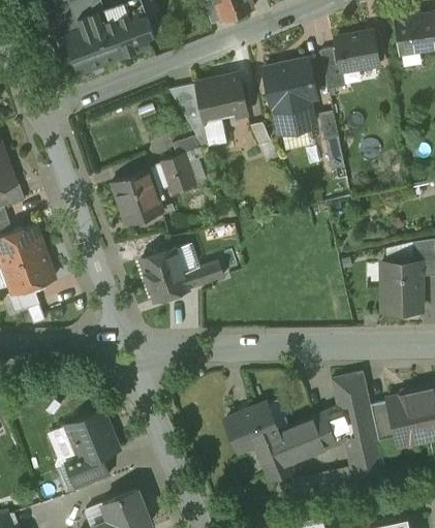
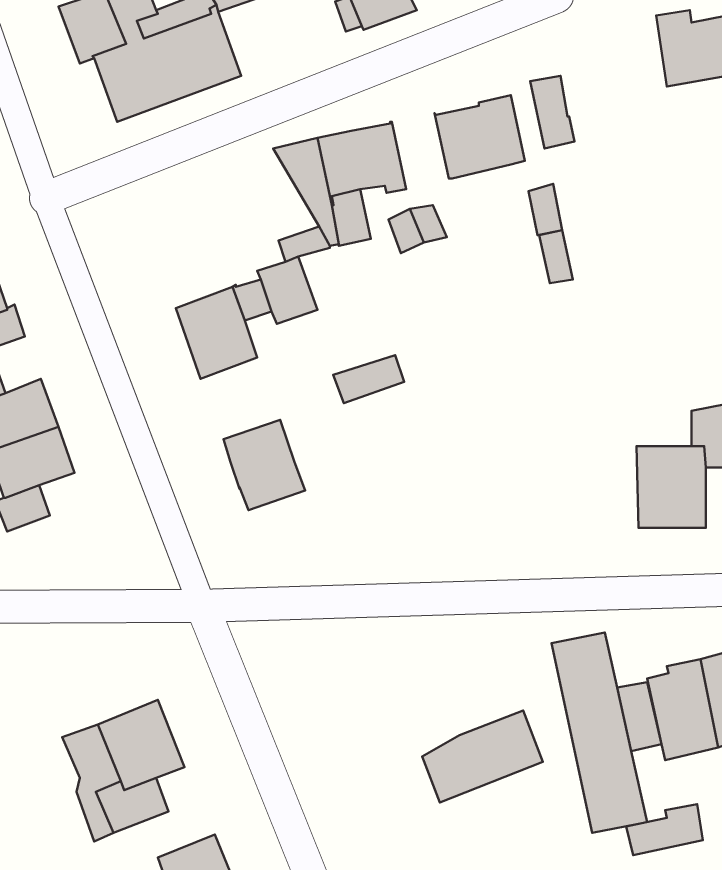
building: [335,32,385,72] -> none
building: [274,100,314,134] -> none
building: [182,262,223,290] -> [333,355,404,403]
building: [225,404,278,453] -> none
building: none -> [626,804,703,855]

